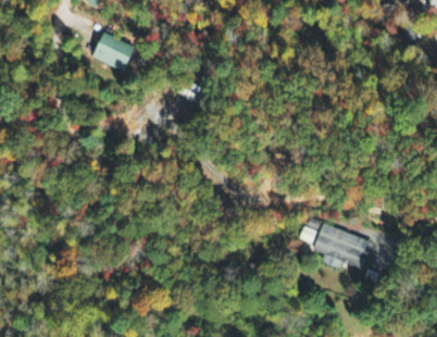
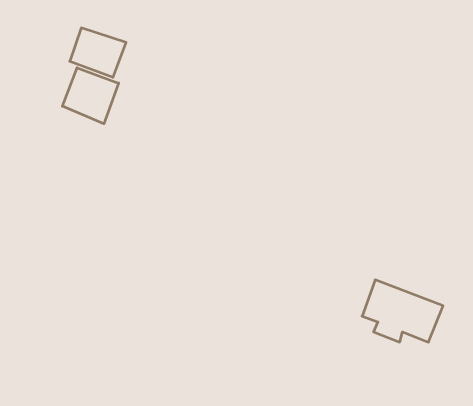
building: none -> [62,68,119,124]

